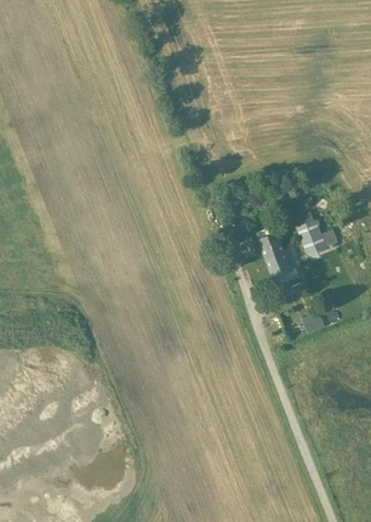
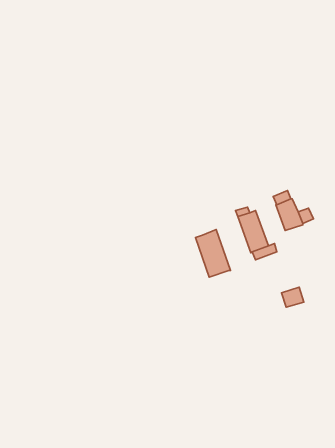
building: none -> [195,230,231,277]

